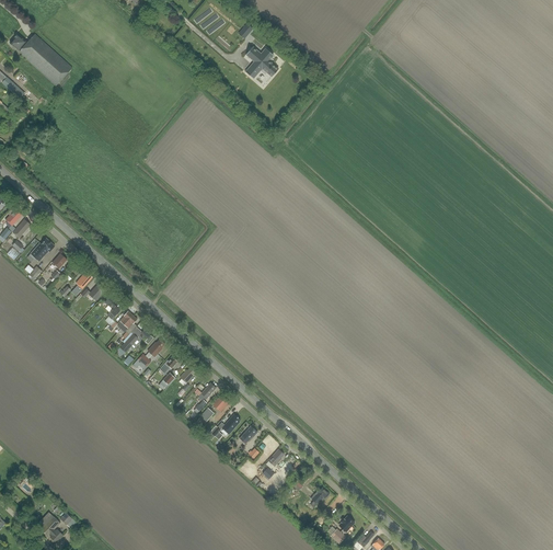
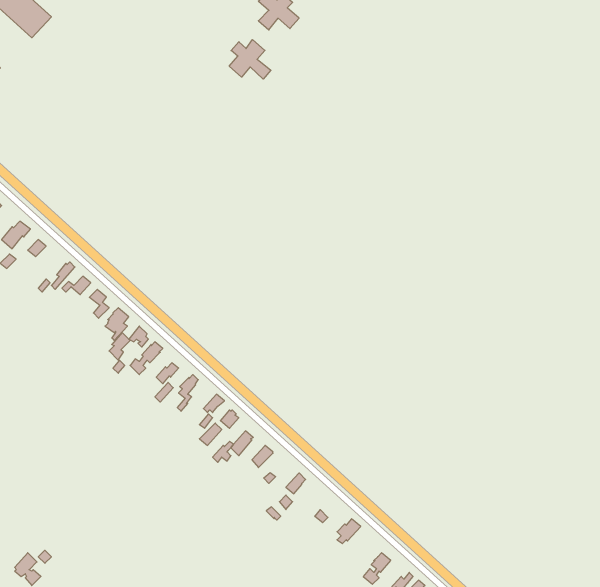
building: none -> [229,40,271,79]

